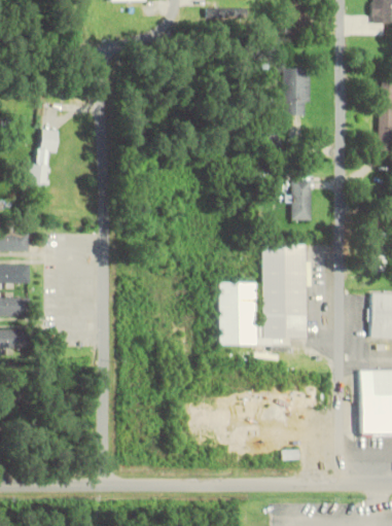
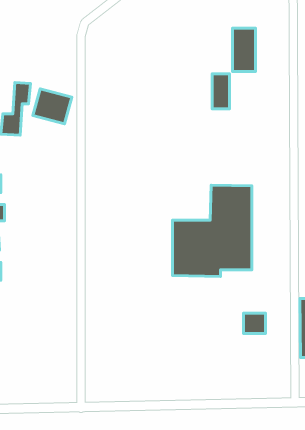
building: none -> [33,89,72,124]
building: [291,180,311,219] -> [212,74,230,109]

